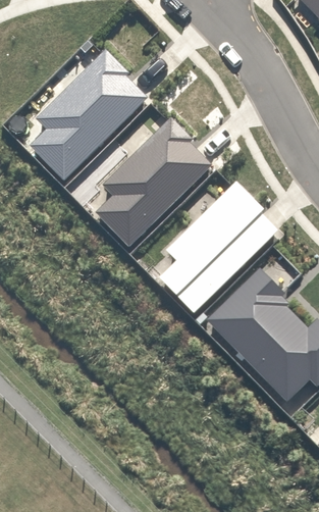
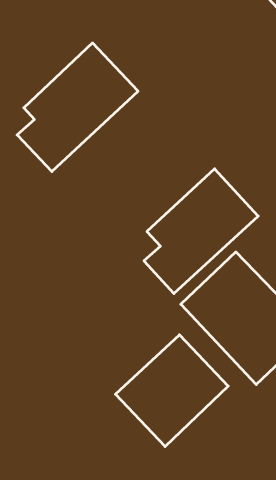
building: [95,115,218,248] -> none
building: none -> [115,335,228,447]

